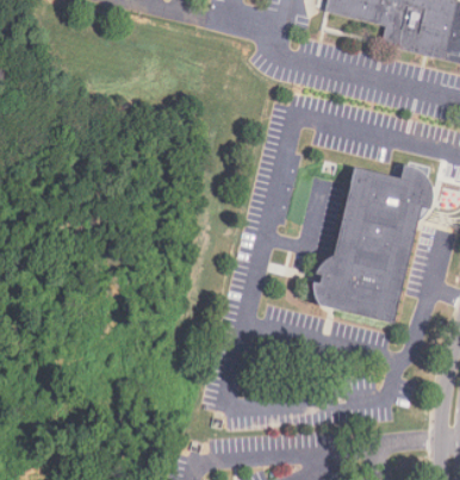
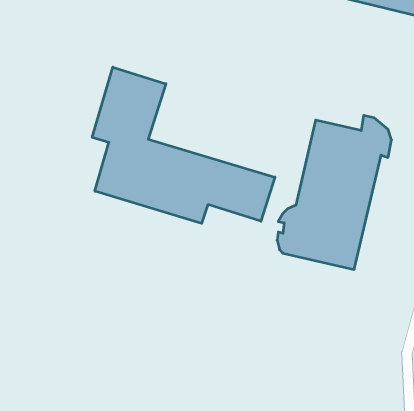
building: none -> [92,67,275,223]

